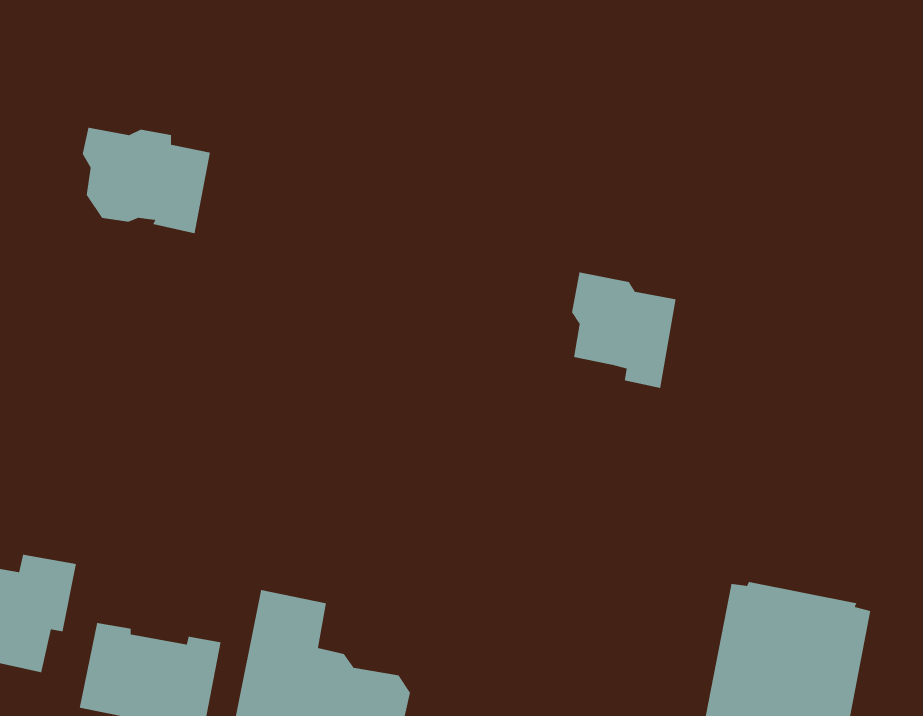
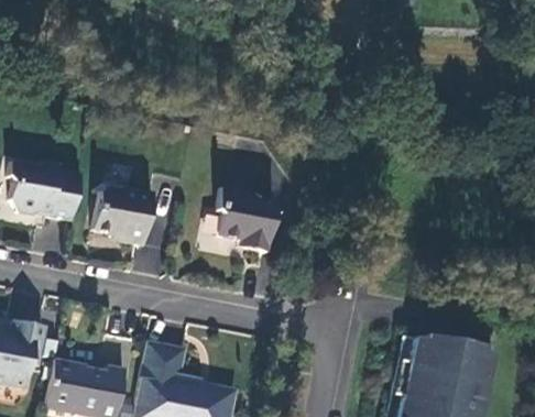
building: [82,127,211,234] -> [9,161,81,221]
building: [571,272,676,389] -> [217,187,276,253]
building: none -> [94,188,153,245]

